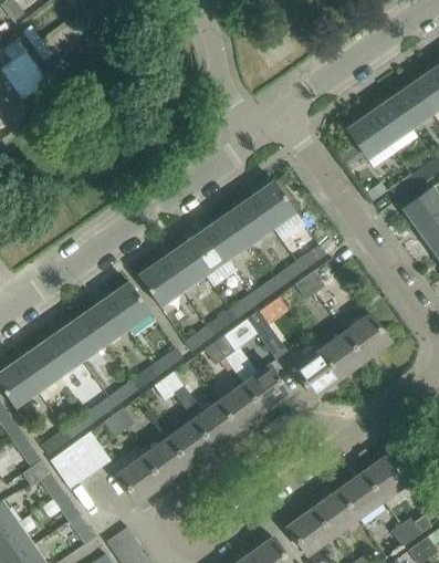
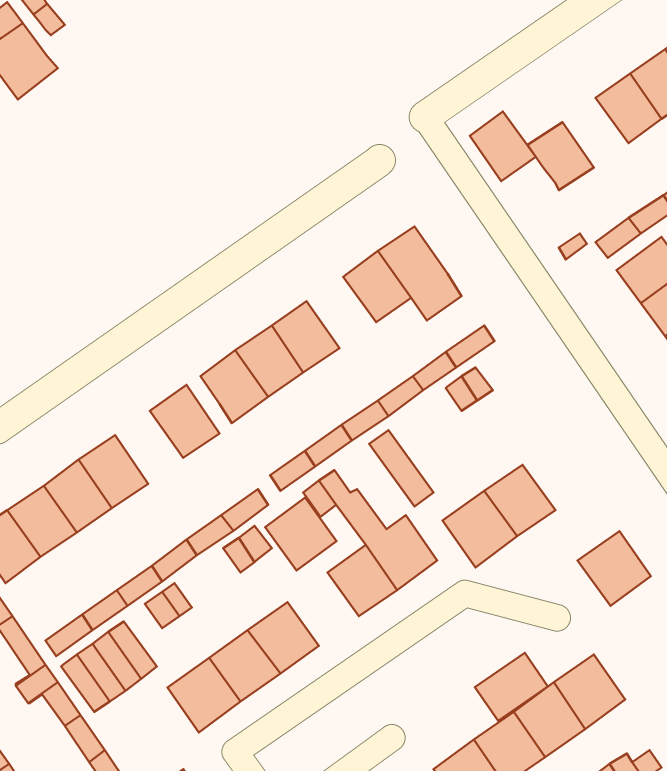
building: [369,98,411,143] -> [470,112,536,181]
building: [207,212,251,258] -> none
building: [85,298,128,344] -> none
building: [344,313,390,361] -> [578,531,651,606]
building: [195,400,240,447] -> [265,498,336,571]
building: none -> [475,653,548,721]

